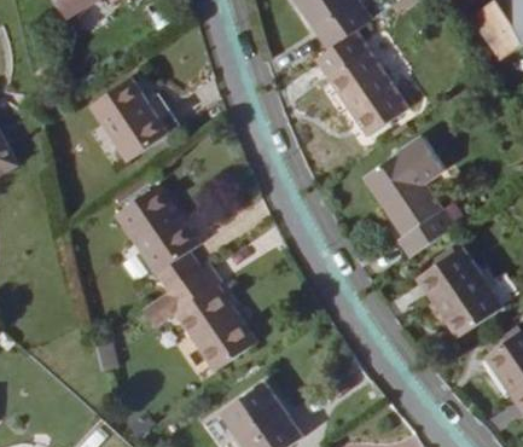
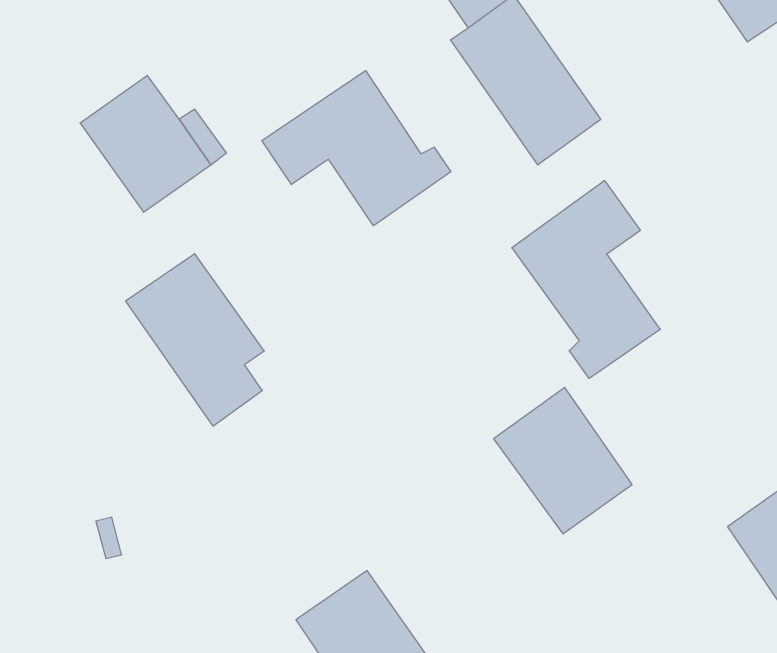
building: none -> [262,71,451,226]
building: [418,245,502,335] -> [494,387,632,534]
building: [167,266,257,371] -> none

